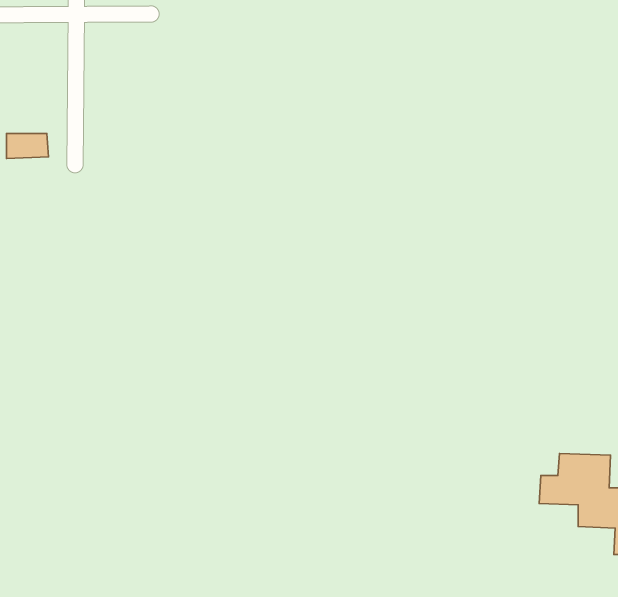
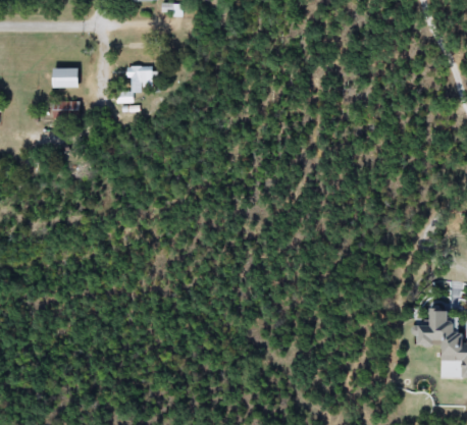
building: none -> [116,66,156,102]
building: none -> [54,67,80,88]

